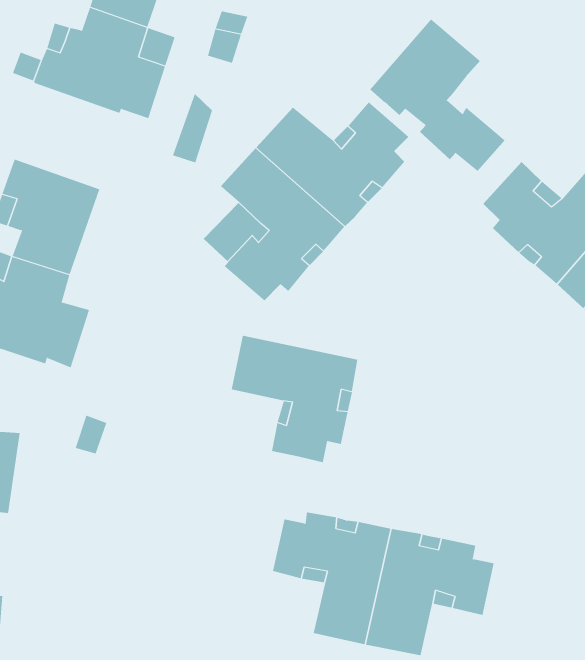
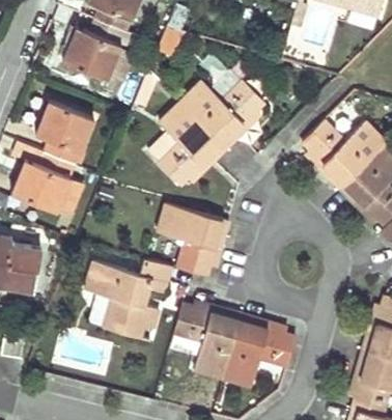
building: [370,18,506,172] -> none
building: none -> [85,258,171,338]

